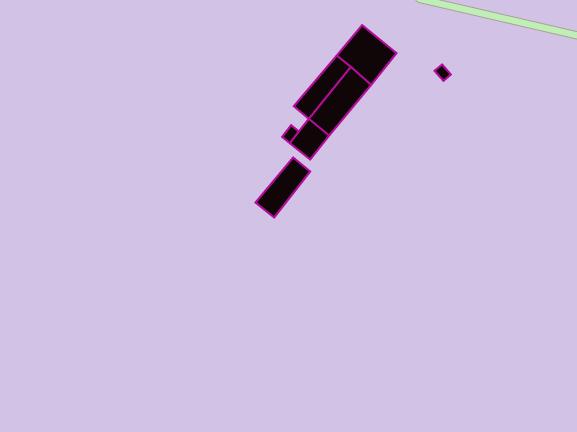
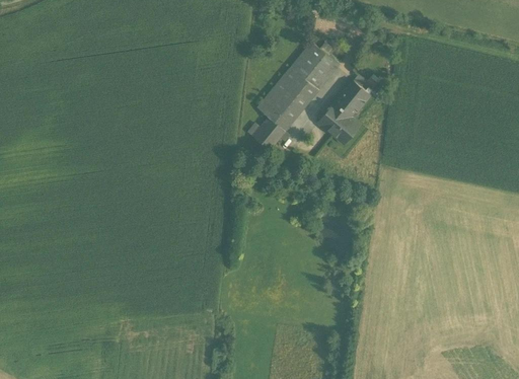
building: none -> [319,81,372,144]
building: [255,158,310,218] -> none

